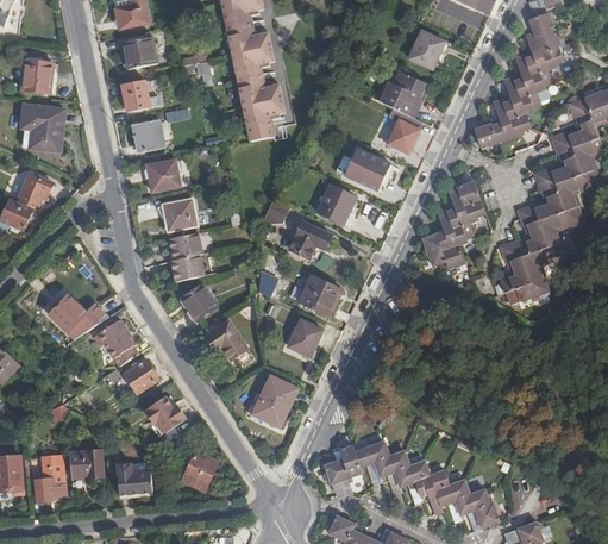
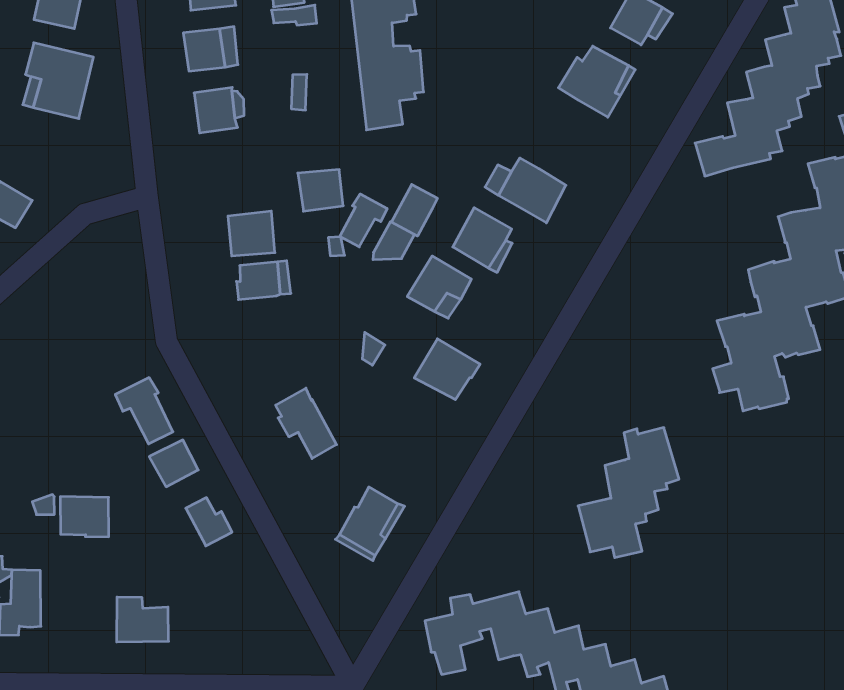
building: [384,108,421,155] -> none
building: [150,161,182,190] -> [298,170,343,211]
building: [20,169,55,201] -> none
building: none -> [392,184,437,236]
building: [418,182,483,271] -> [578,428,679,558]
building: none -> [340,194,387,247]
building: [173,256,206,281] -> none
building: [186,286,219,318] -> none
building: [52,292,109,334] -> none
building: [287,319,321,355] -> none
building: [184,448,219,488] -> none
building: [70,449,105,476] -> [60,497,109,537]

